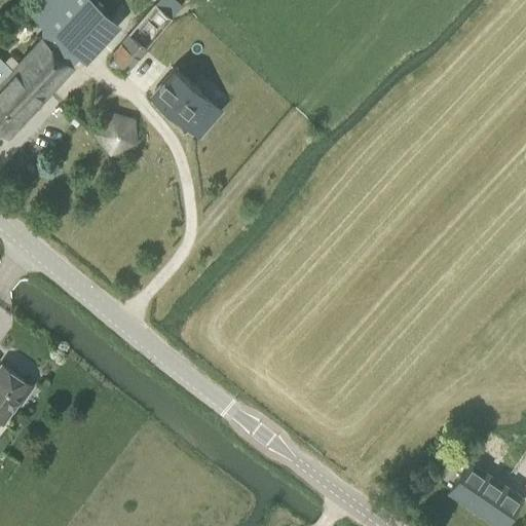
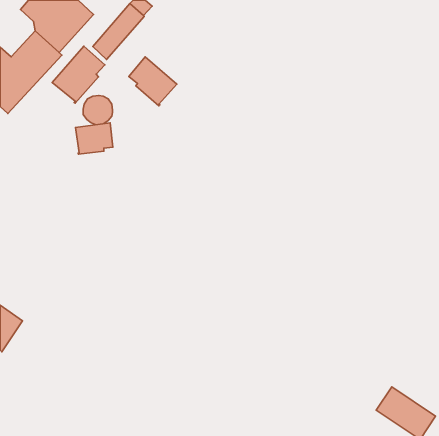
building: none -> [52,46,105,103]
building: none -> [75,123,113,154]

